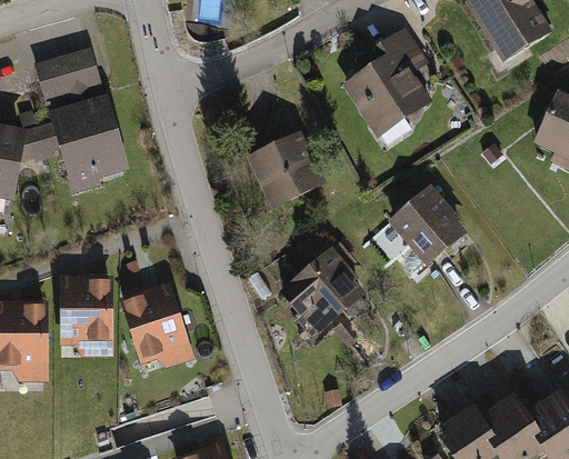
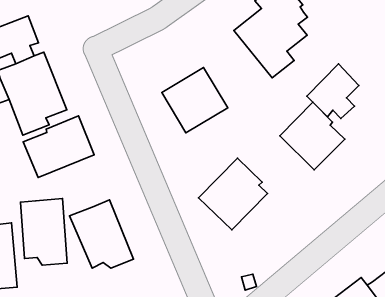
building: none -> [307,64,359,119]
building: none -> [23,116,94,177]

